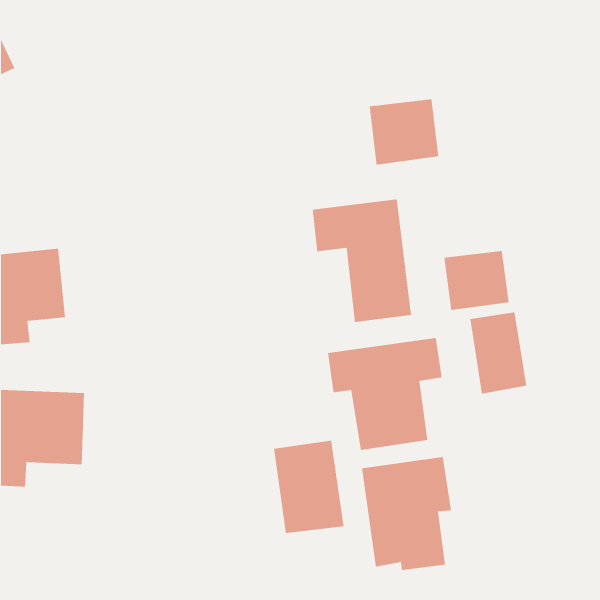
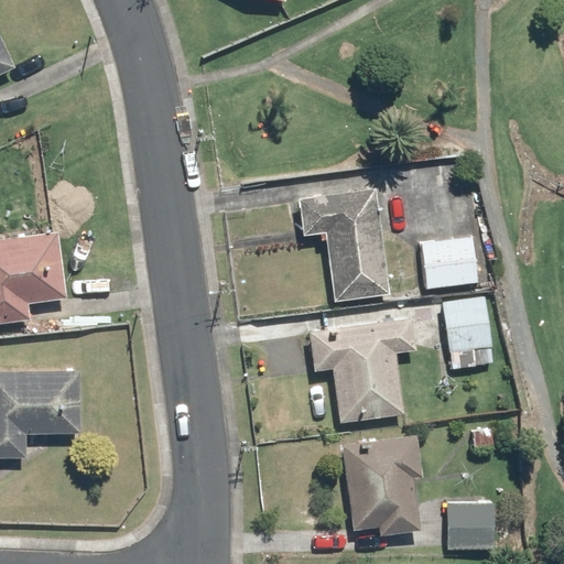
building: [369,99,439,165] -> none
building: [273,440,344,534] -> none
building: none -> [443,501,496,551]

